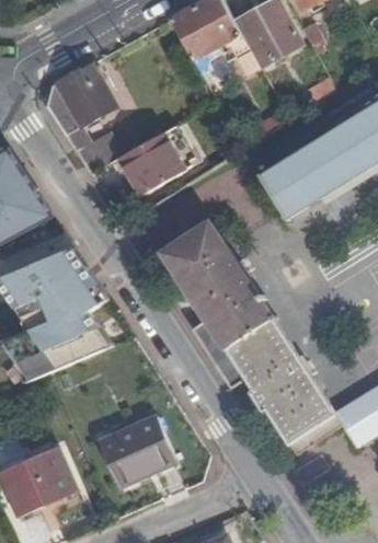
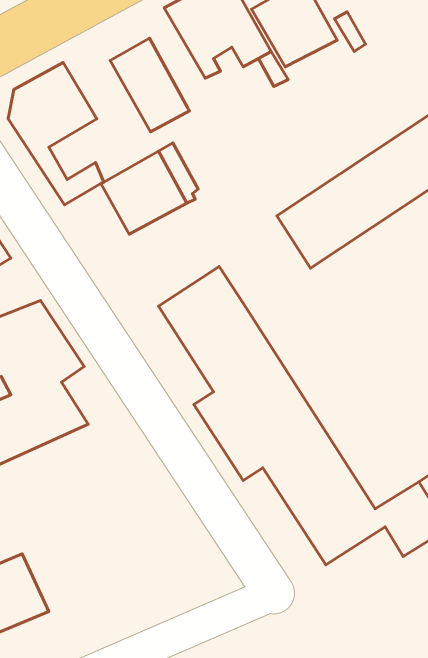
building: none -> [110,38,190,132]
building: [96,416,173,485] -> none

